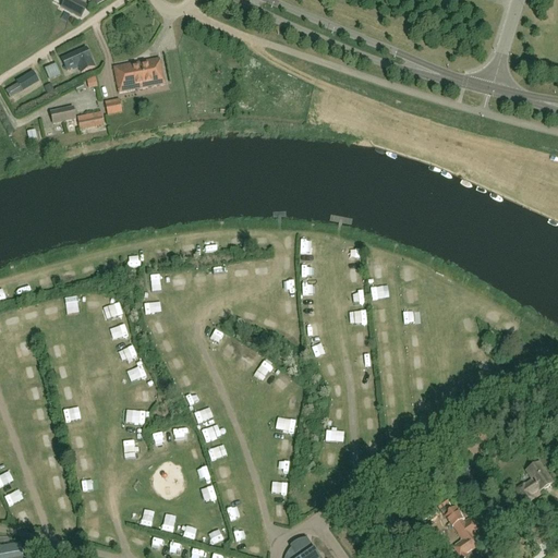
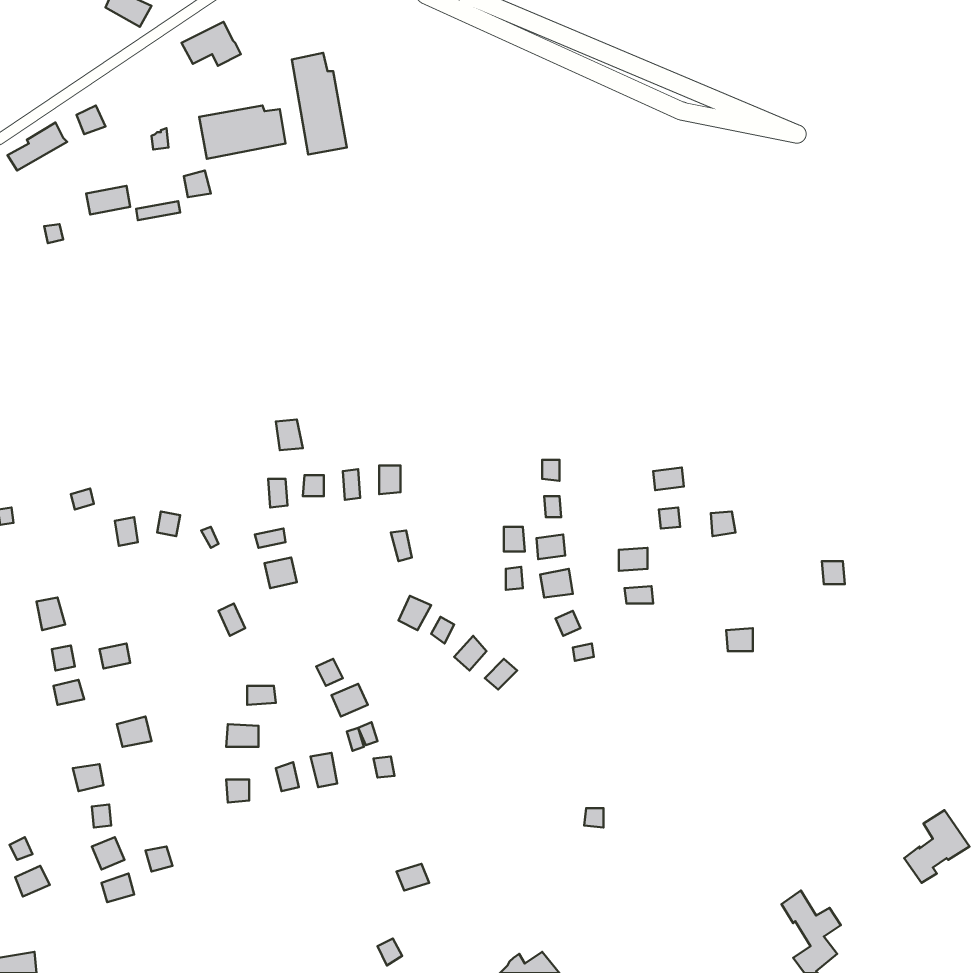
building: none -> [292,53,347,155]
building: [60,46,94,71] -> [181,22,241,66]

